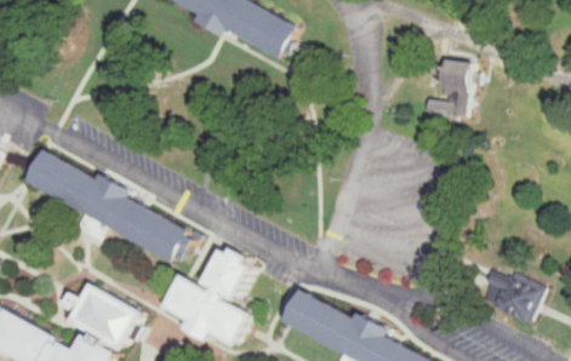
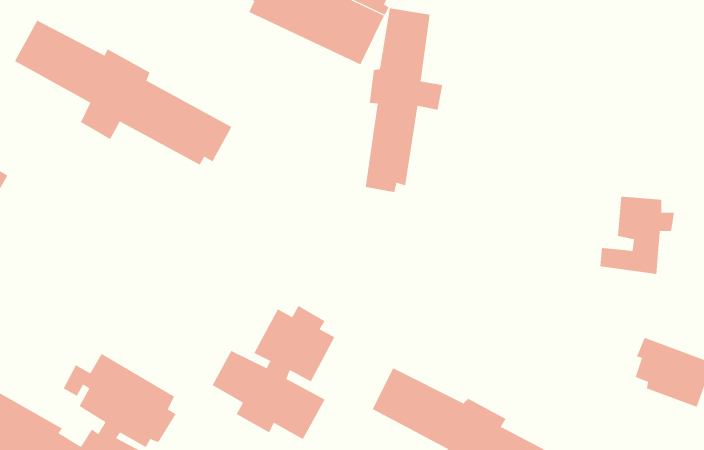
building: none -> [365,8,443,193]
building: [422,61,479,120] -> [600,196,675,275]
building: [27,150,192,260] -> [14,20,232,165]

